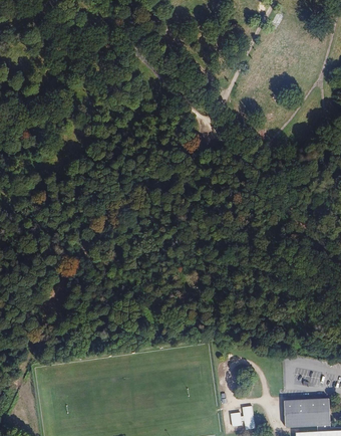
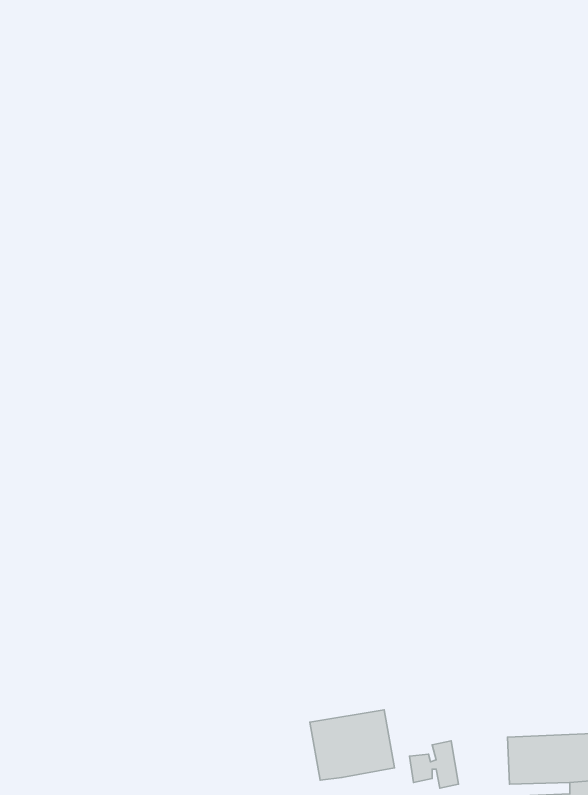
building: none -> [310,710,394,780]

